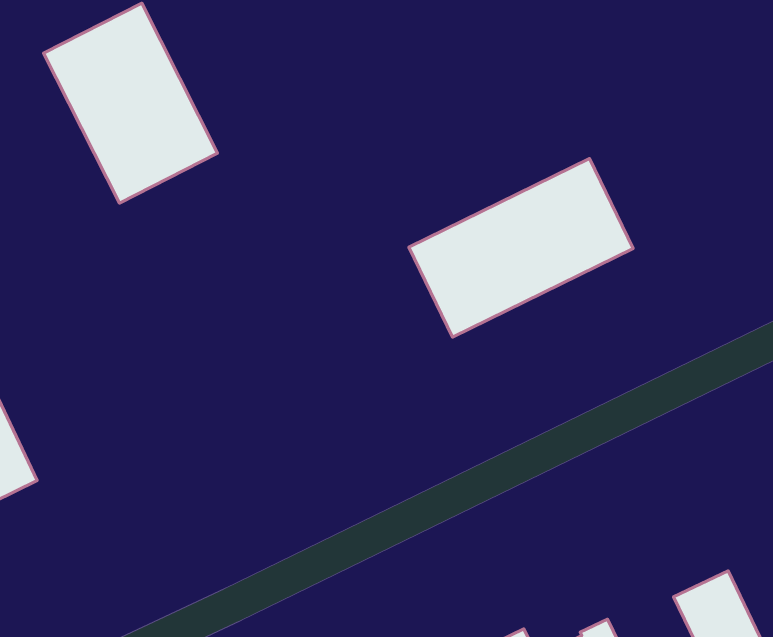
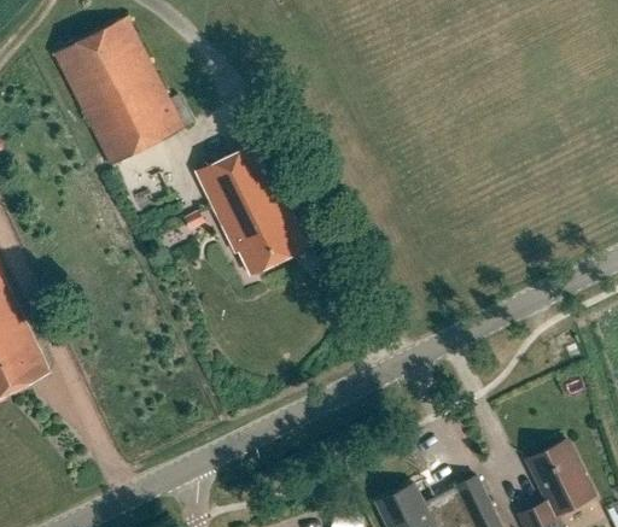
building: [409,159,633,337] -> none
building: none -> [196,144,308,276]

